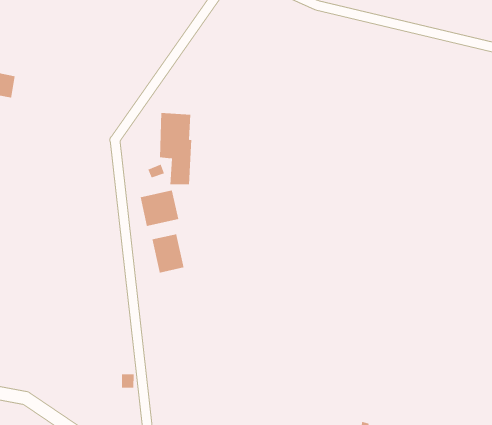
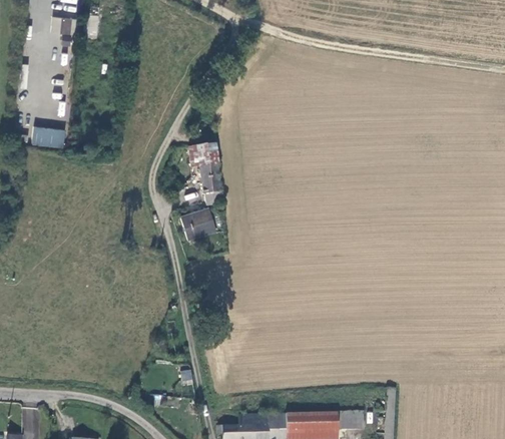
building: [152,233,184,273] -> none

